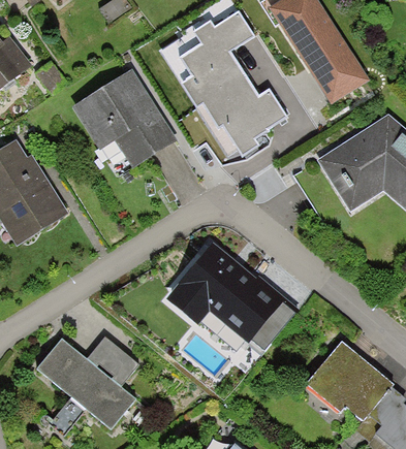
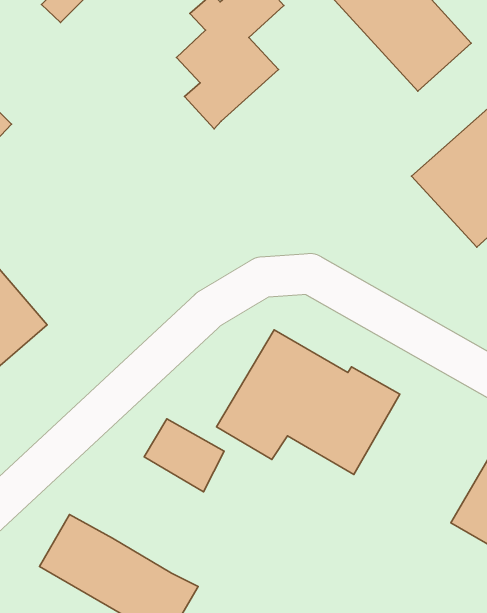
building: [71,67,177,167] -> none
building: [201,75,287,156] -> none
building: [87,335,138,386] -> [144,419,224,492]

